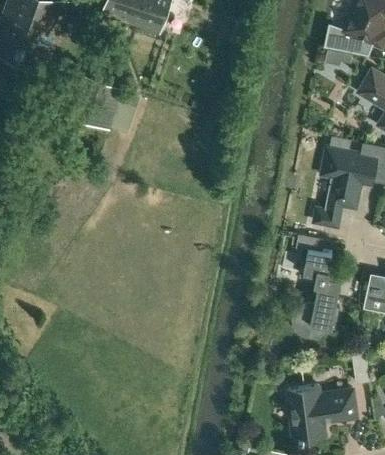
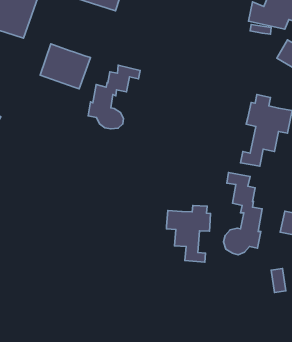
building: none -> [88,65,140,129]
building: none -> [167,205,211,262]
building: [288,386,356,440] -> none

